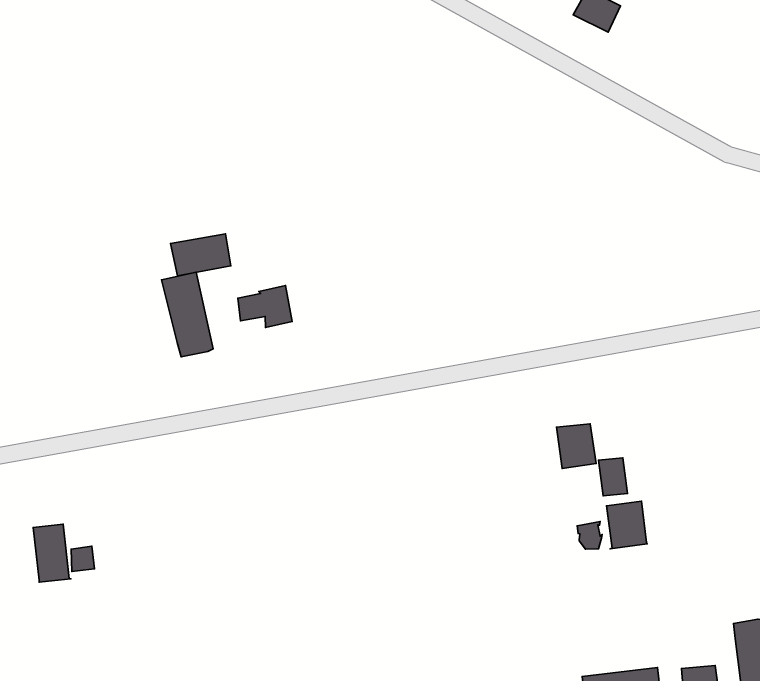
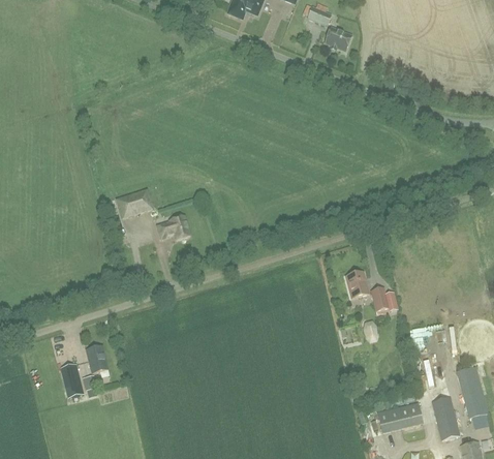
building: [161,272,213,357] -> none
building: none -> [86,344,109,371]
building: [607,501,647,549] -> none

